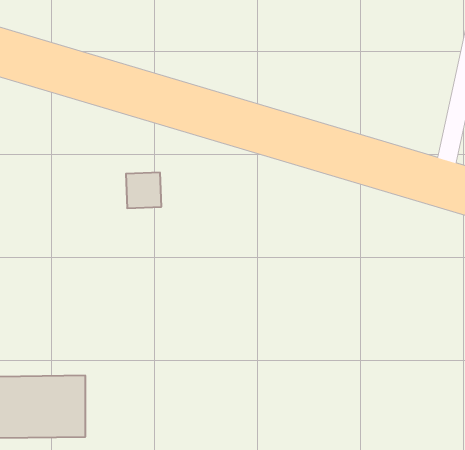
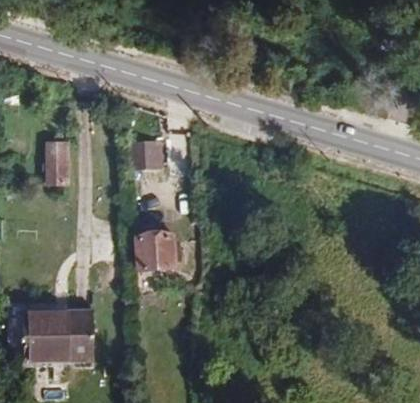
building: none -> [46,139,68,183]
building: none -> [132,235,177,272]

